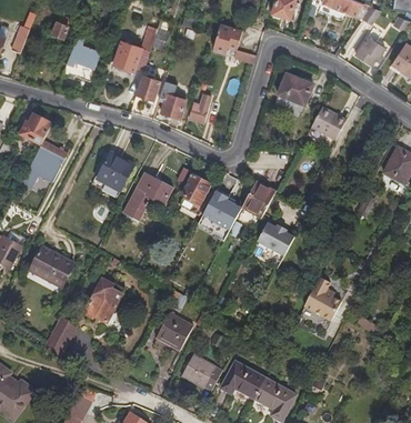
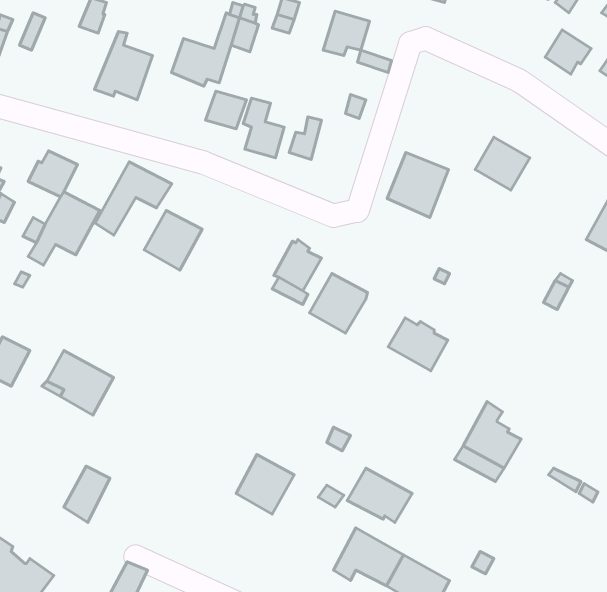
building: [274,71,314,113] -> [387,153,448,217]
building: [123,173,173,221] -> [95,162,172,235]
building: [240,182,274,221] -> none
building: [84,280,121,323] -> none
building: [179,354,221,390] -> [347,468,412,523]

